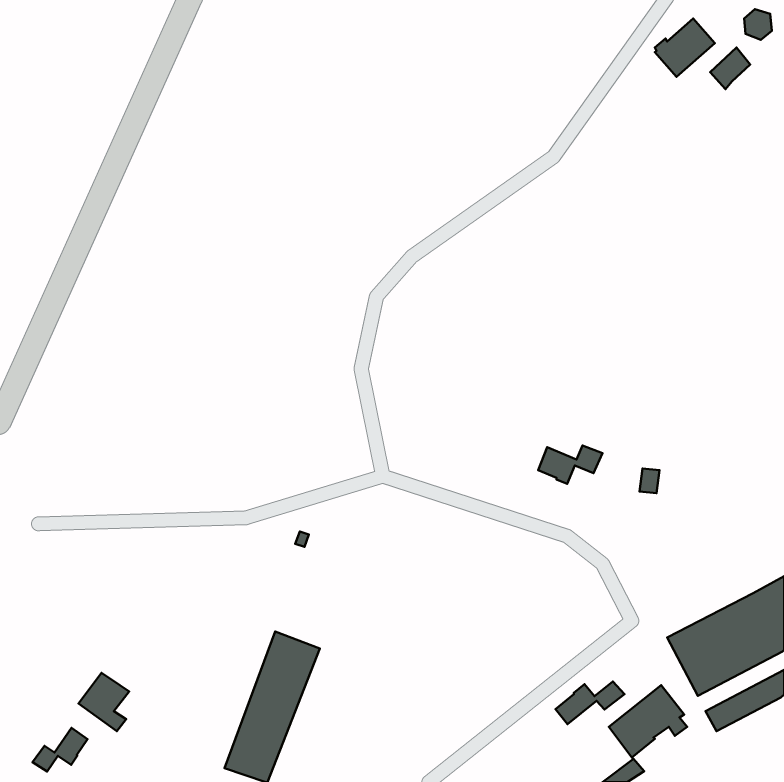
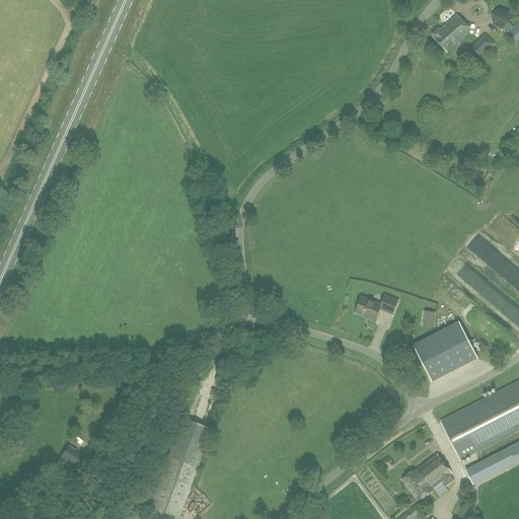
building: none -> [414,320,477,380]
building: [556,681,624,724] -> none
building: [32,728,88,771] -> none

